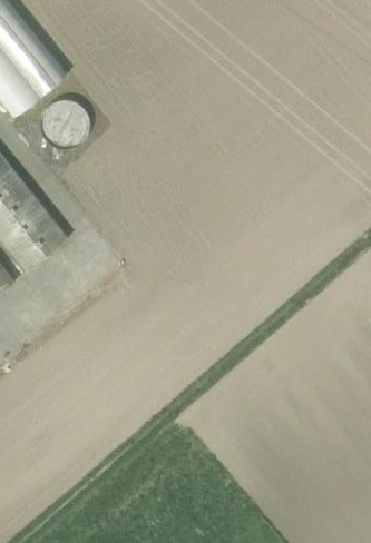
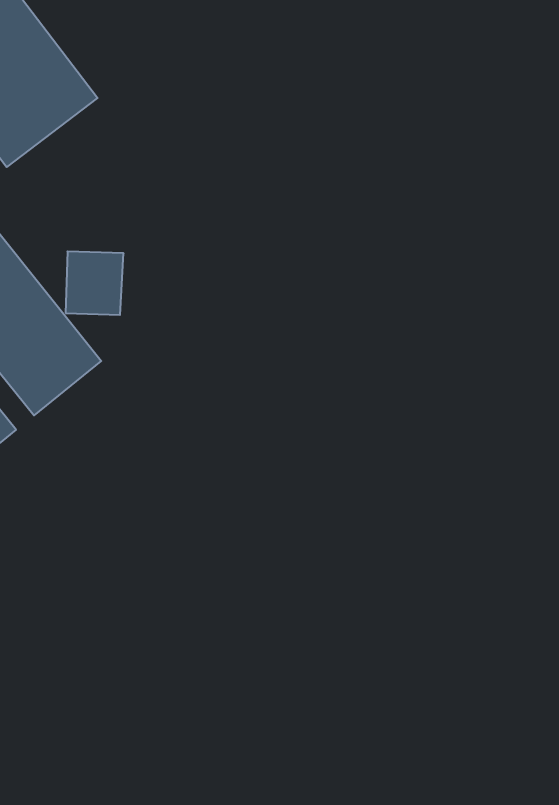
building: [42,101,78,140] -> [66,251,124,315]

